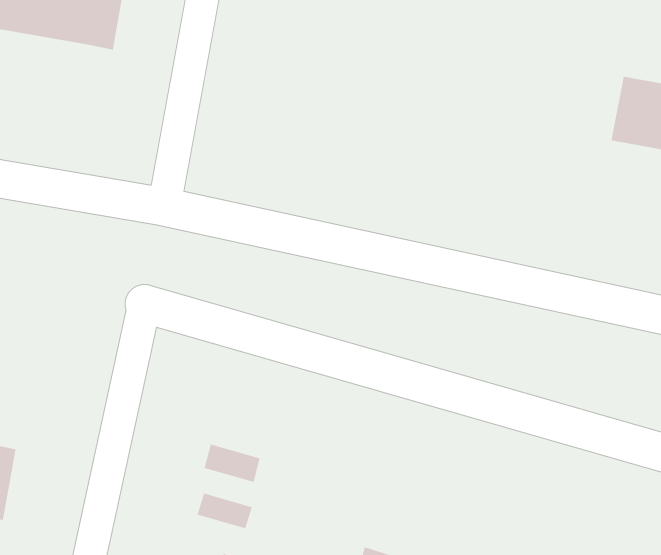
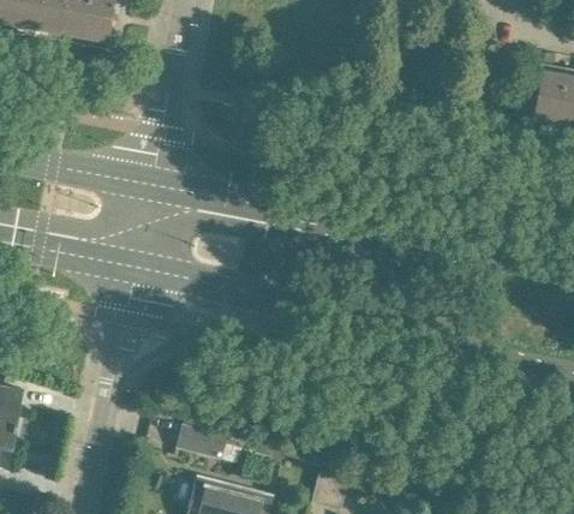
building: [204,444,261,483] -> none

